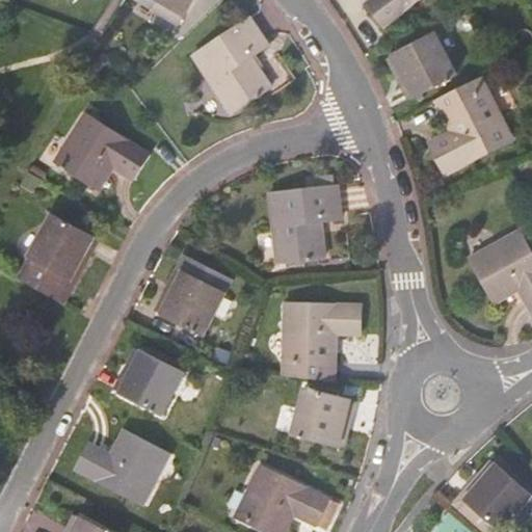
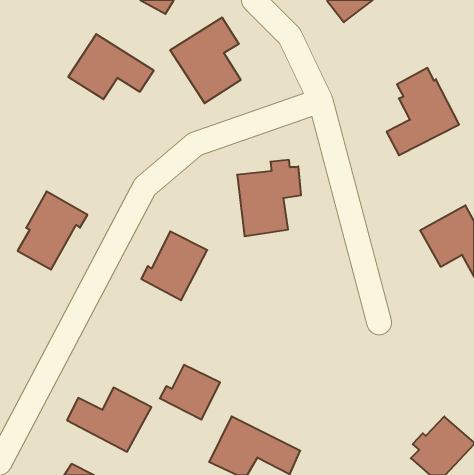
building: [394,31,456,97] -> none
building: [54,115,150,188] -> [68,34,154,99]
building: [282,302,360,379] -> none
building: [115,353,183,415] -> [160,365,220,420]
building: [291,388,352,445] -> none

